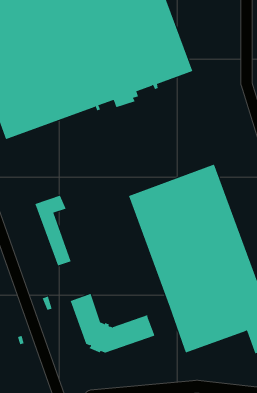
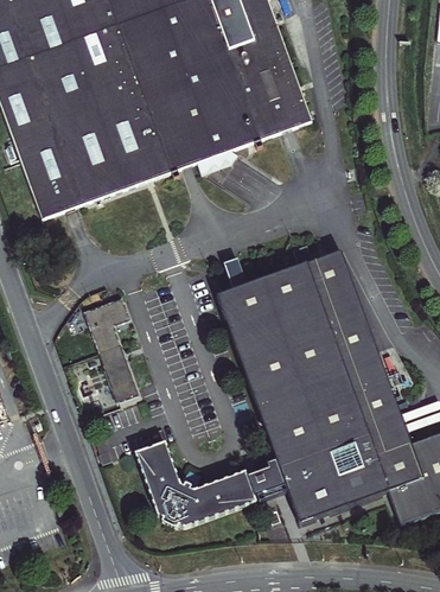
building: none -> [248,458,287,496]

